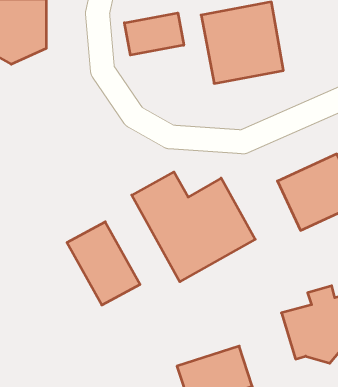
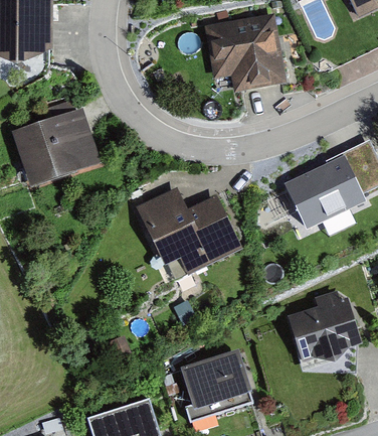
building: [124,13,184,55] -> none
building: none -> [14,106,104,190]
building: [67,222,140,305] -> none

